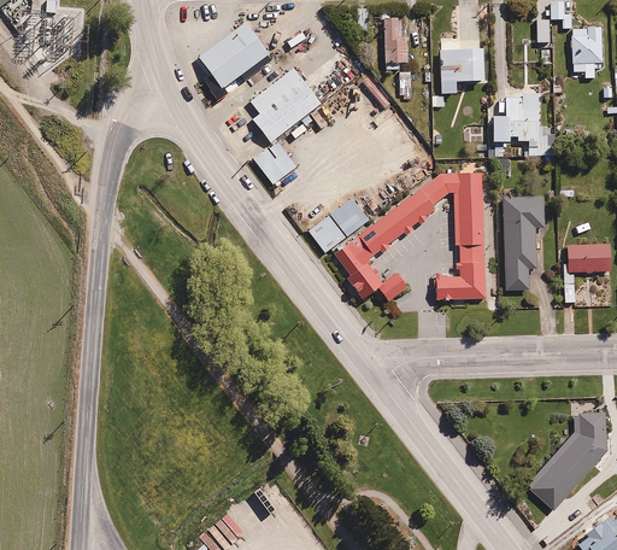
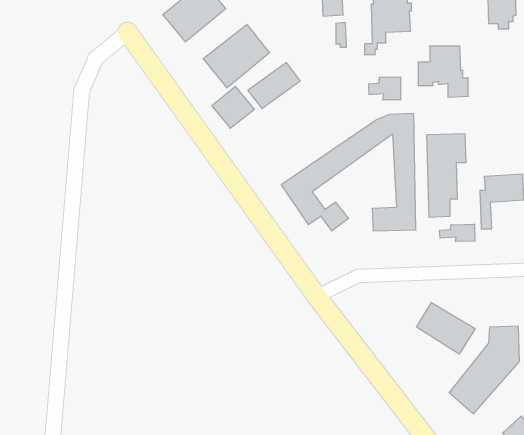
building: none -> [369,77,400,100]
building: [312,201,371,253] -> [248,63,300,109]
building: none -> [439,224,475,242]
building: none -> [416,302,475,354]

